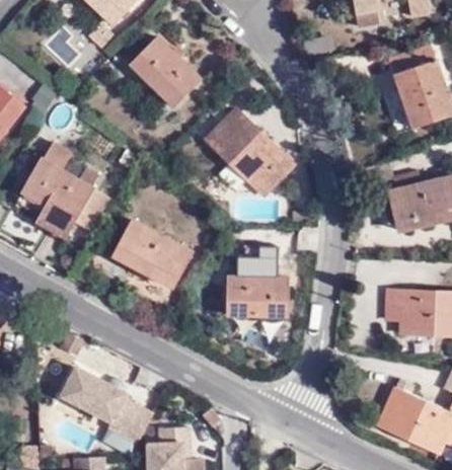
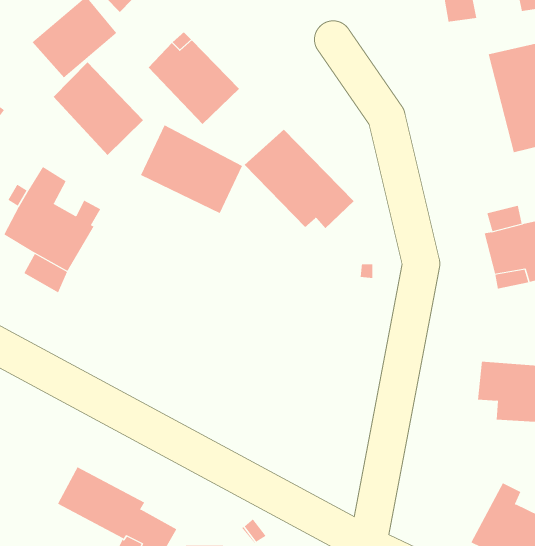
building: none -> [53,62,144,156]
building: [111,221,190,289] -> [140,125,243,214]
building: [223,263,284,316] -> none

